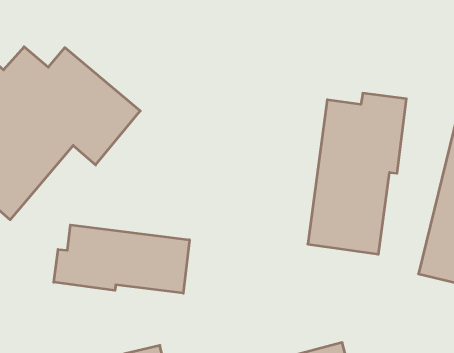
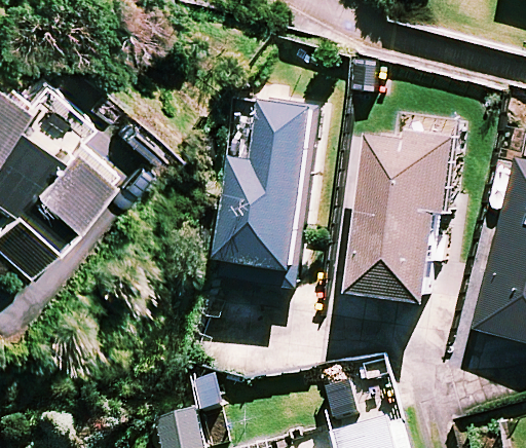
building: none -> [208,101,313,276]
building: [54,225,189,293] -> none

